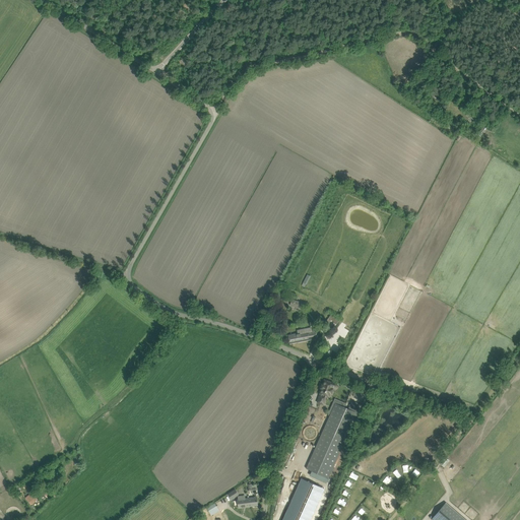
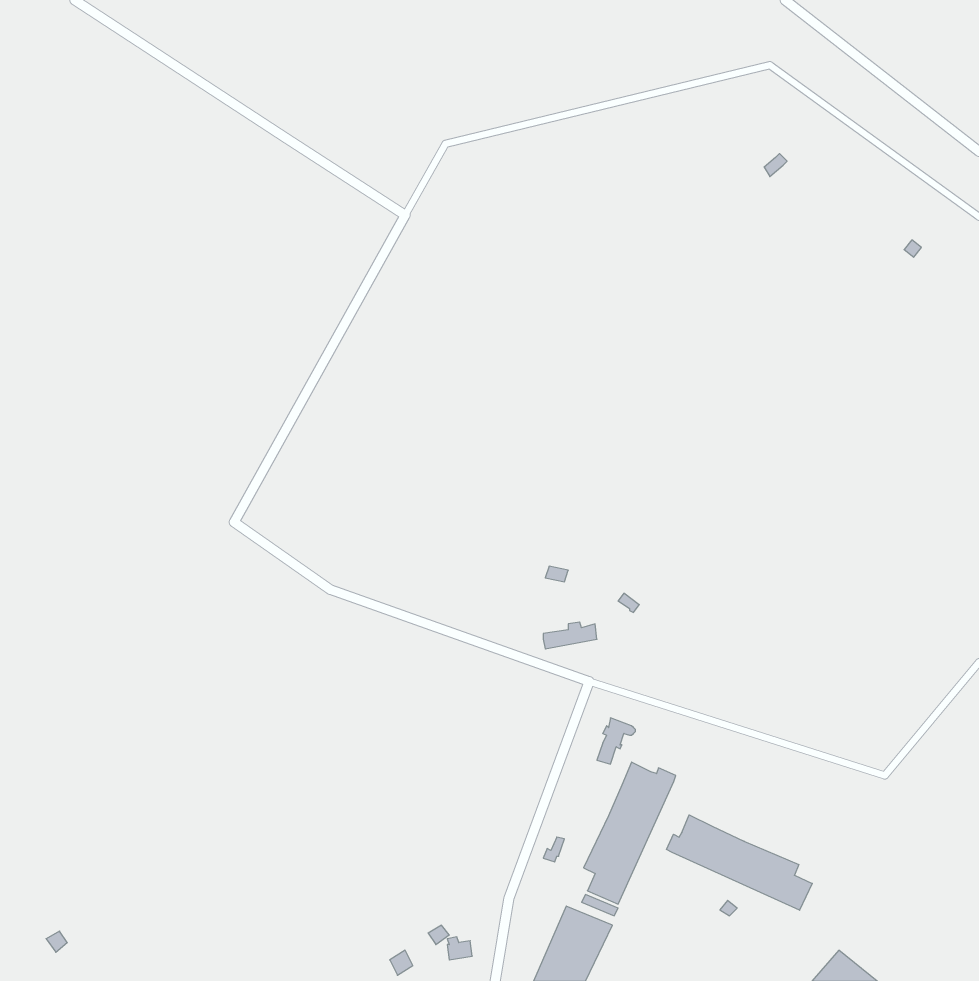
building: none -> [667,815,812,910]

